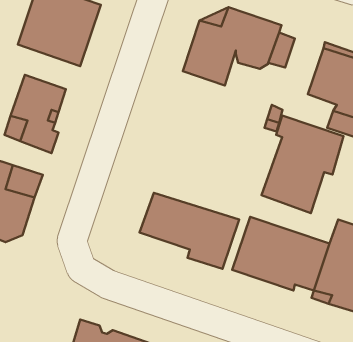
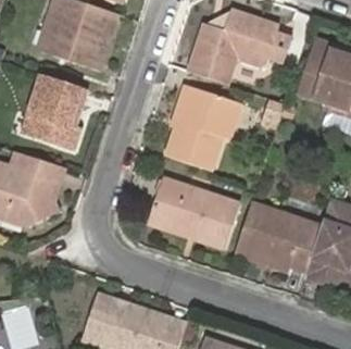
building: [262,116,343,213] -> [166,83,240,171]

